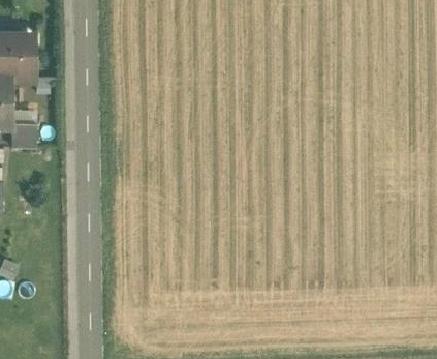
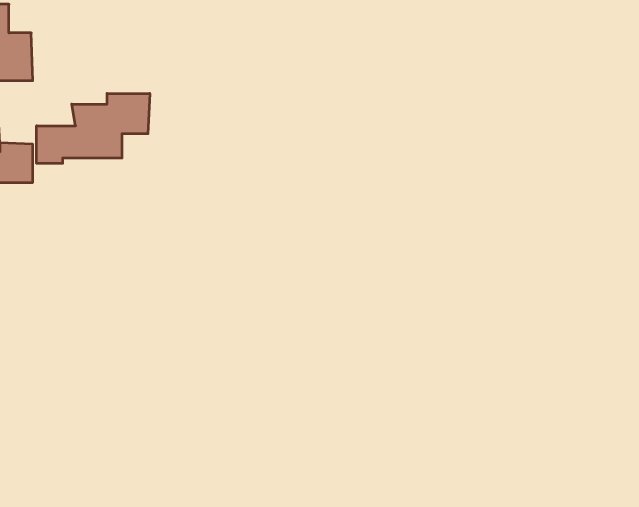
building: none -> [37,93,150,163]

